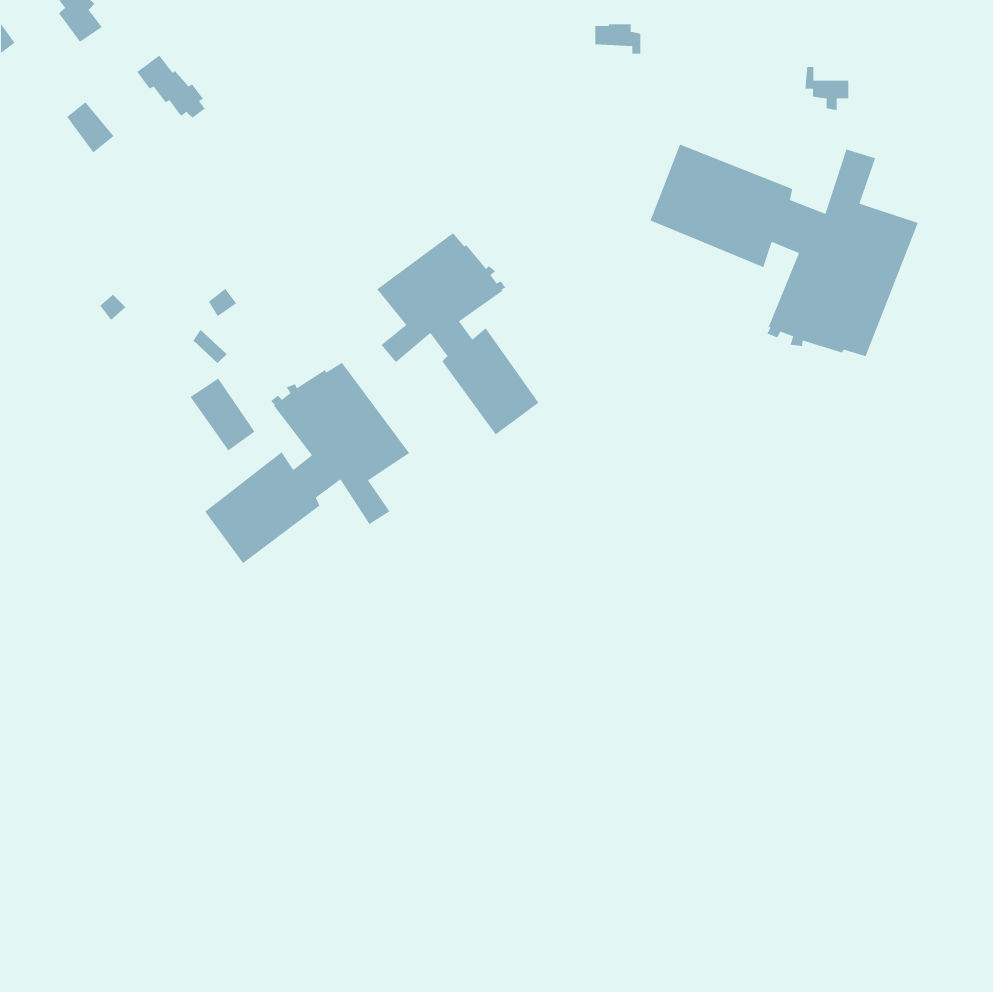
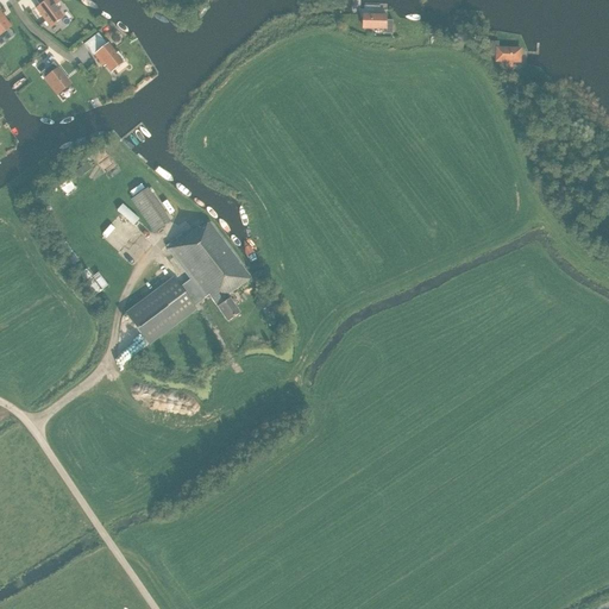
building: [650,144,919,357] -> none
building: [376,232,540,436] -> none
building: [189,378,255,451] -> [130,187,170,232]

